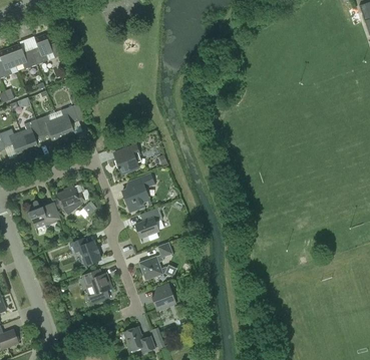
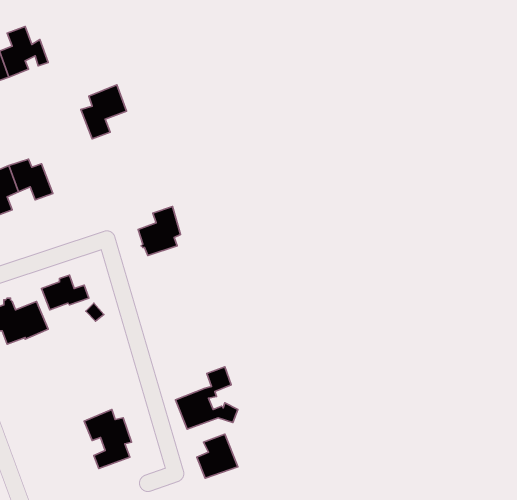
building: [56,102,84,135] -> [81,85,127,139]
building: [122,173,154,210] -> none
building: [135,206,164,240] -> none
building: [71,237,101,265] -> none

